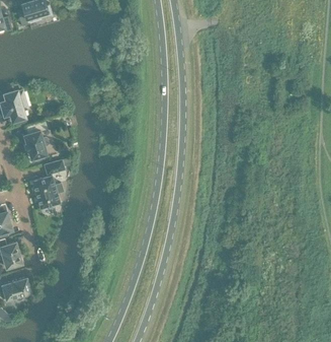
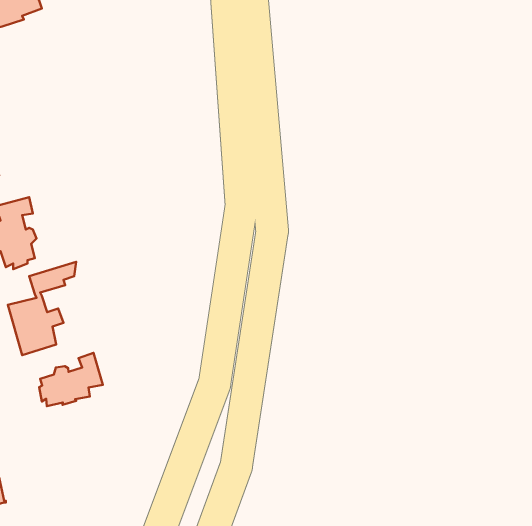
building: none -> [39,353,103,406]

